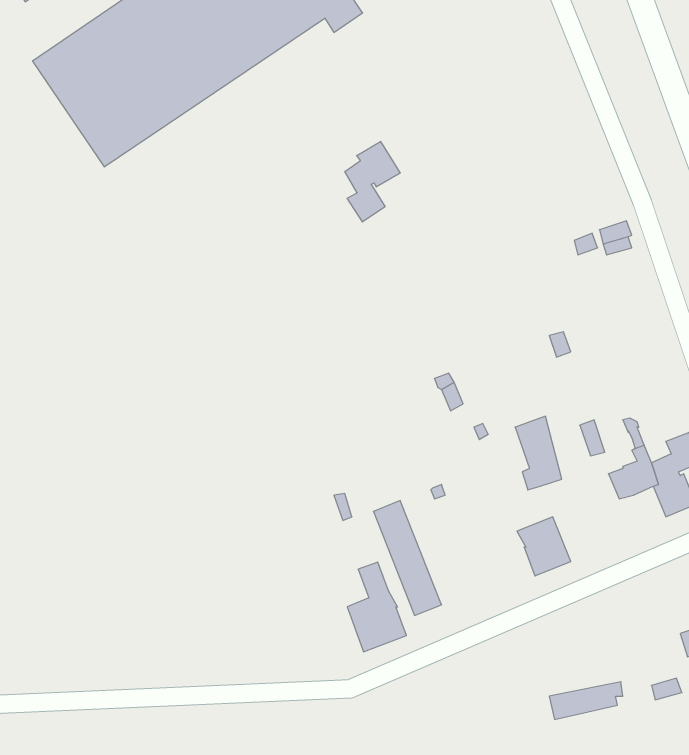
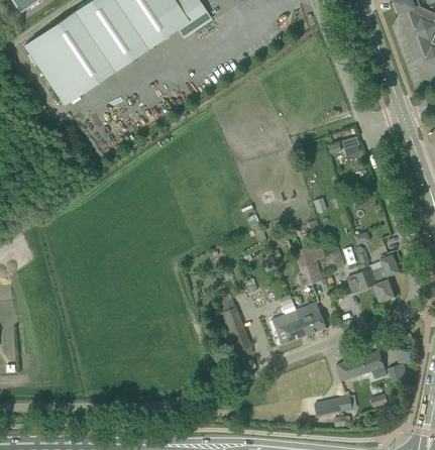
building: [345,141,400,222] -> none
building: [347,562,406,652] -> [274,294,307,344]
building: none -> [337,350,388,380]

